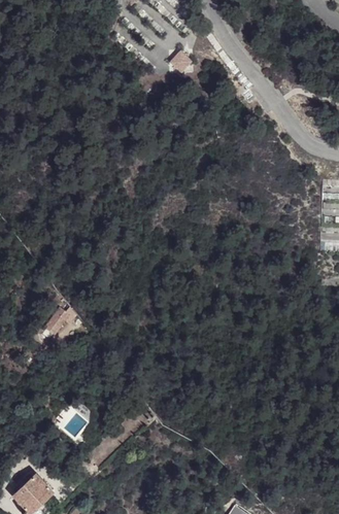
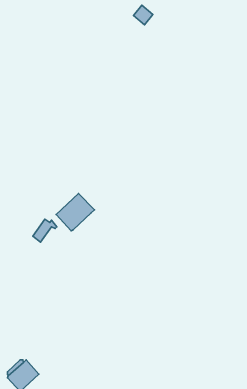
building: none -> [56,194,94,231]

